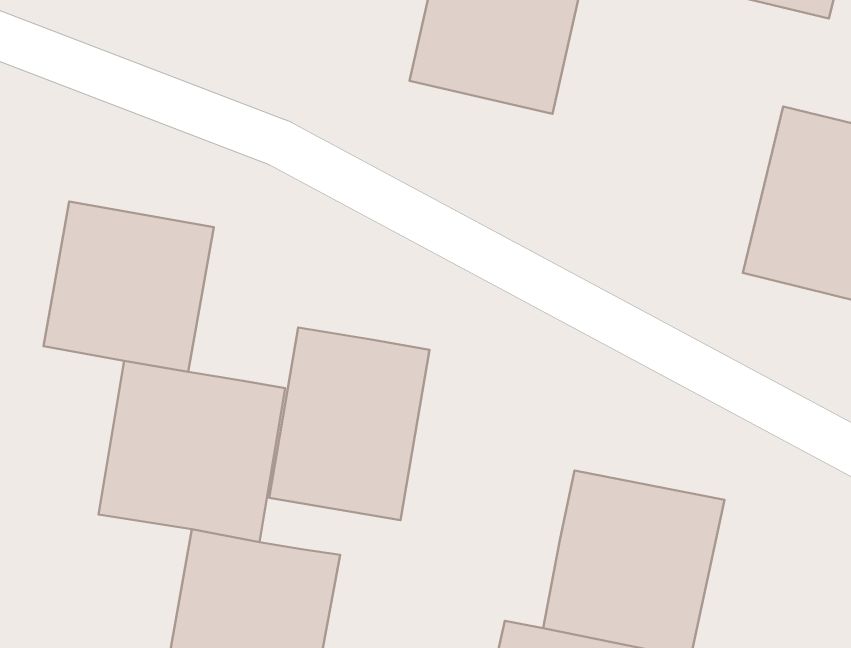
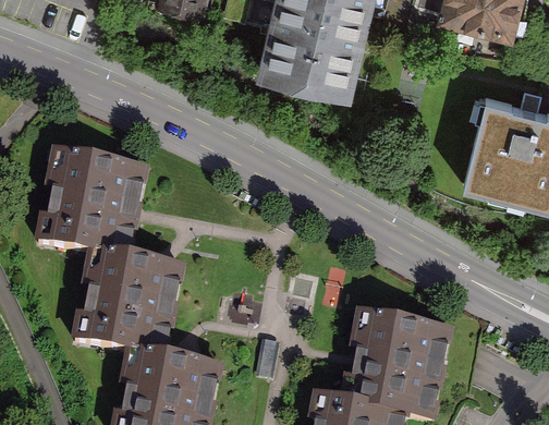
building: [269,328,429,520] -> none

